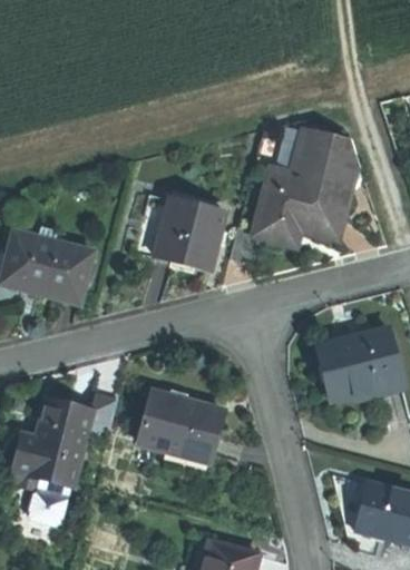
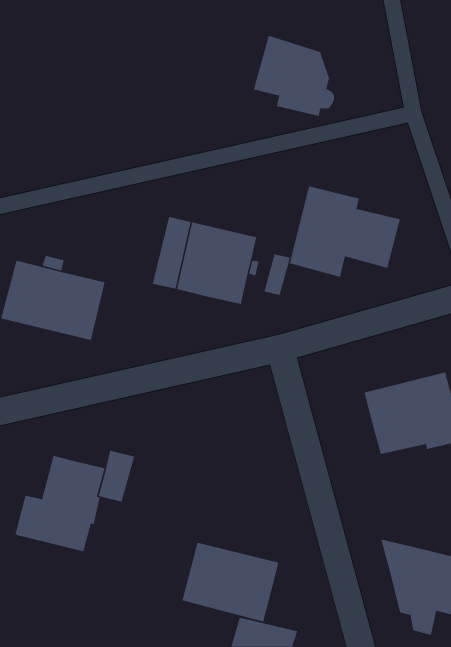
building: [291,125,362,196] -> [253,35,335,117]
building: [138,392,223,462] -> [182,542,279,623]
building: [12,471,70,525] -> none

